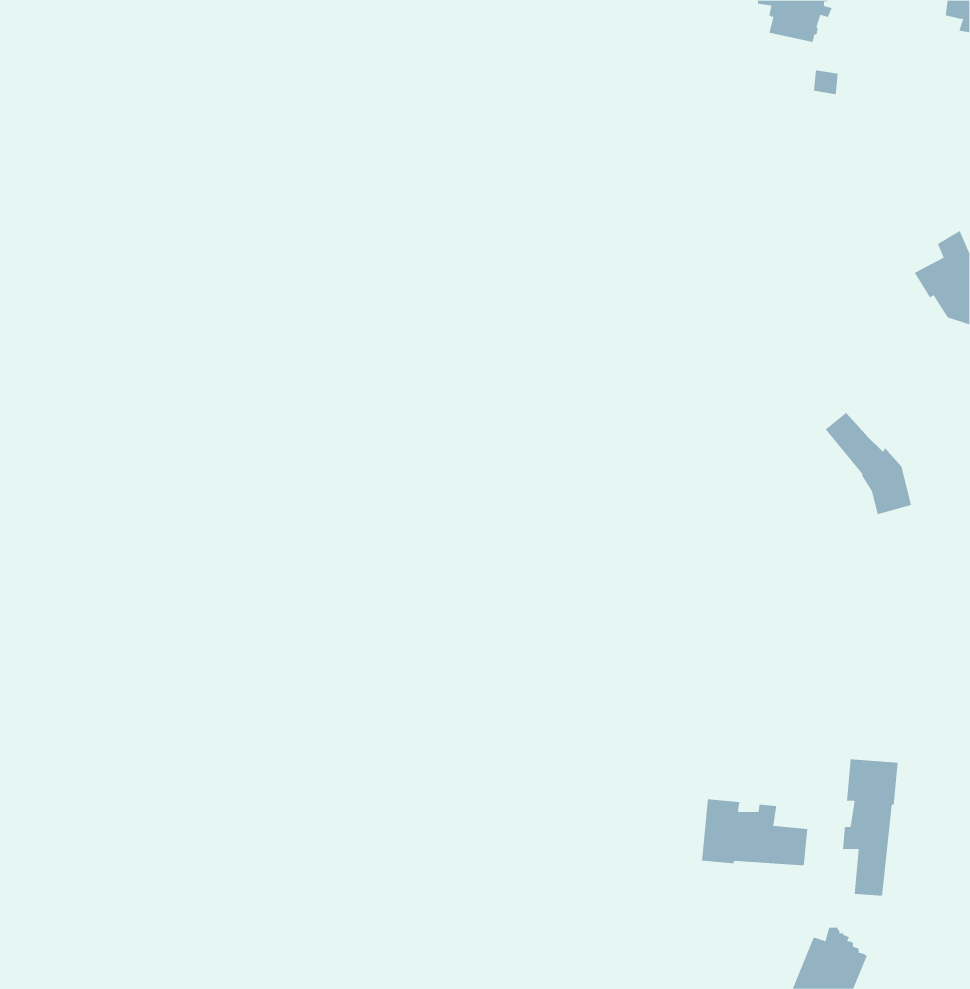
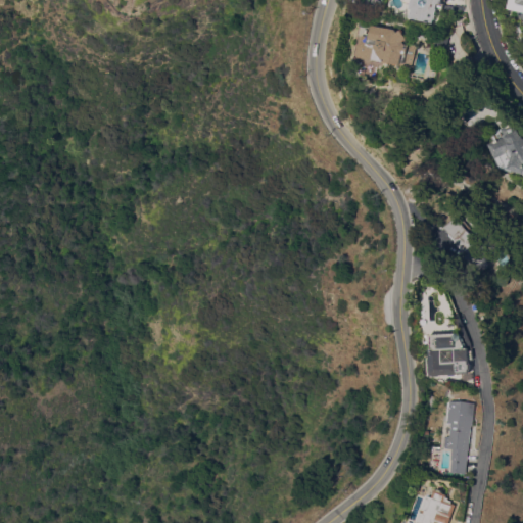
building: none -> [354,25,412,66]
building: none -> [427,333,470,376]
building: [701,799,808,866] -> none

